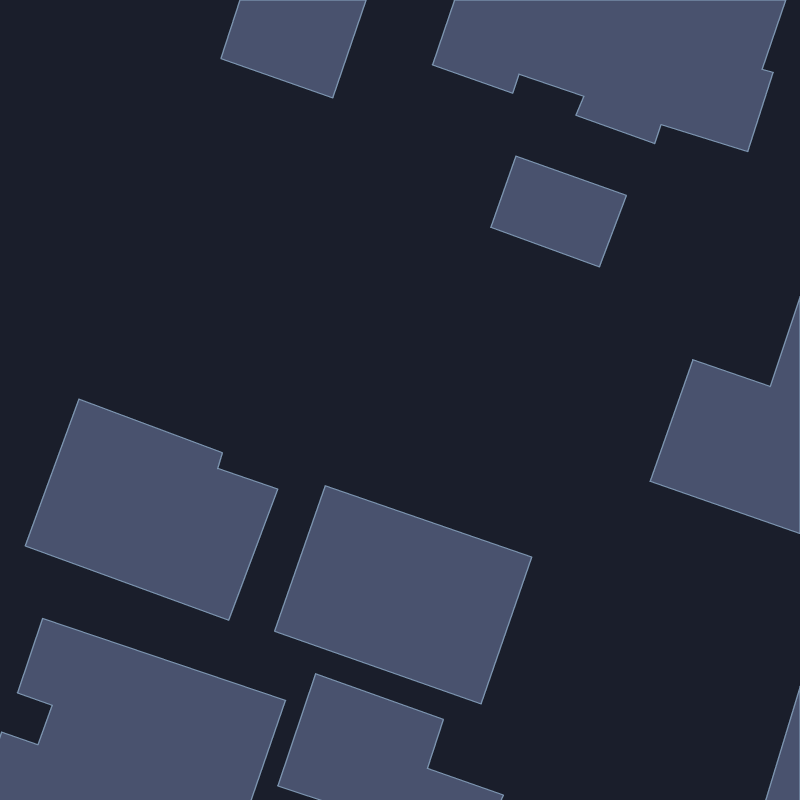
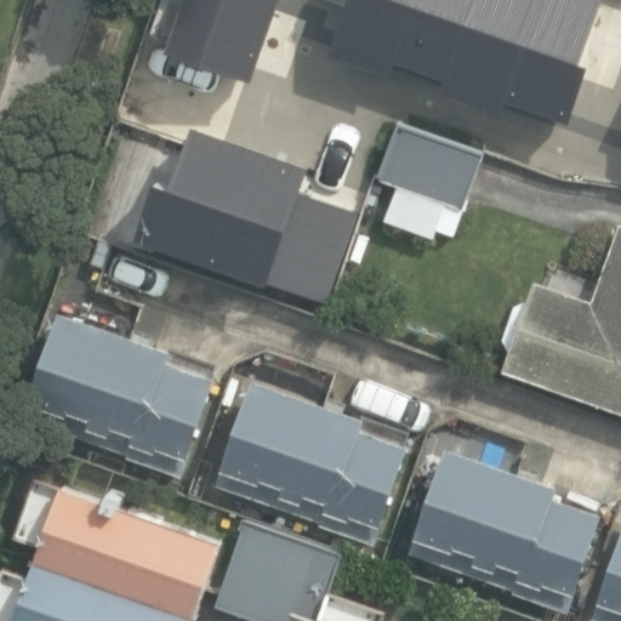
building: none -> [138,125,359,304]
building: none -> [401,450,598,615]

